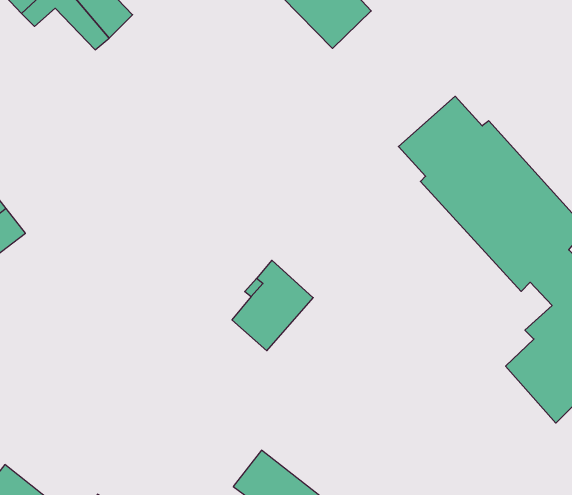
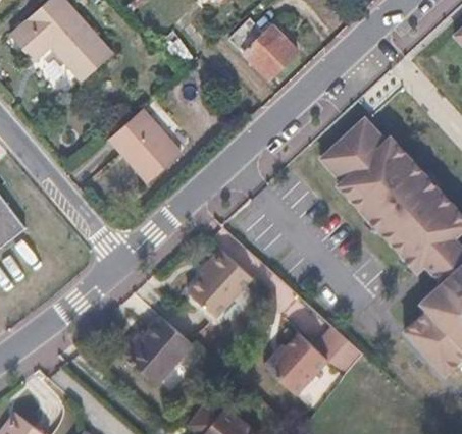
building: none -> [107,107,182,182]
building: none -> [266,313,365,394]
building: none -> [120,316,194,385]

